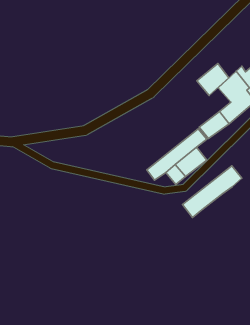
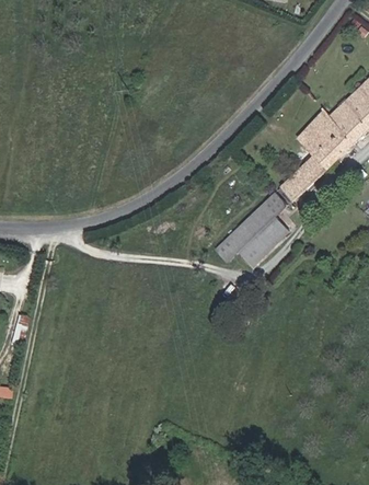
building: [197,63,229,96] -> none
building: [183,166,242,218] -> none

